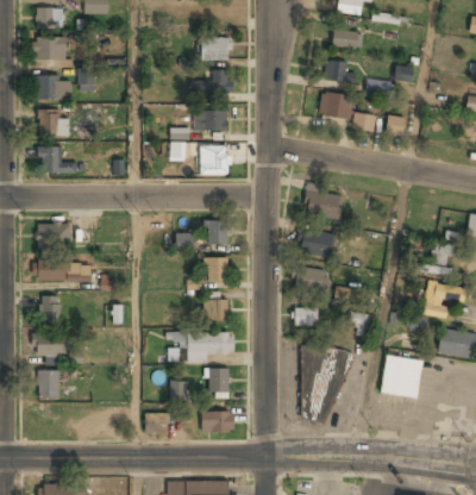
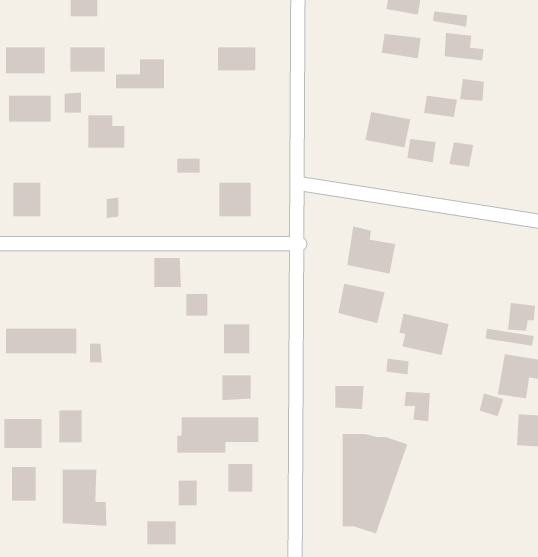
building: [36,8,64,29] -> [69,47,106,72]
building: [324,59,356,82] -> [444,32,484,61]
building: [193,69,232,93] -> [115,59,165,89]
building: [39,111,69,137] -> [88,115,125,148]
building: [194,111,228,131] -> none
building: [206,221,228,245] -> [153,258,182,288]
building: [37,224,71,249] -> none
building: [290,263,331,296] -> [398,313,450,355]
building: [42,297,61,324] -> [59,410,83,443]
building: [380,355,422,397] -> none
building: none -> [62,469,107,526]
building: [202,412,232,432] -> none

